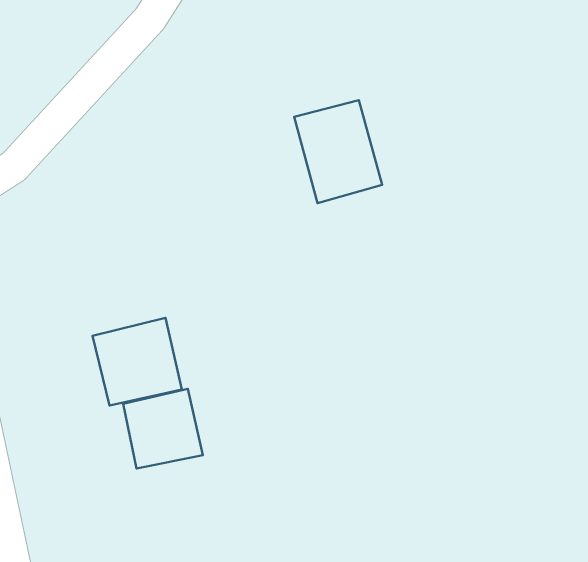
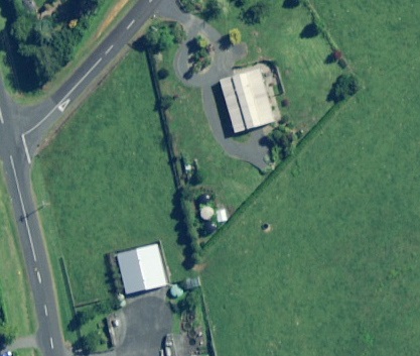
building: [92,318,182,405] -> none

